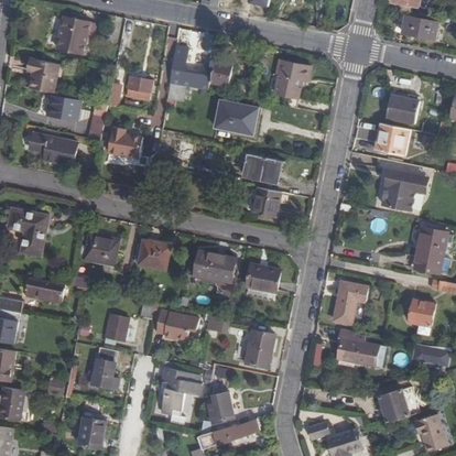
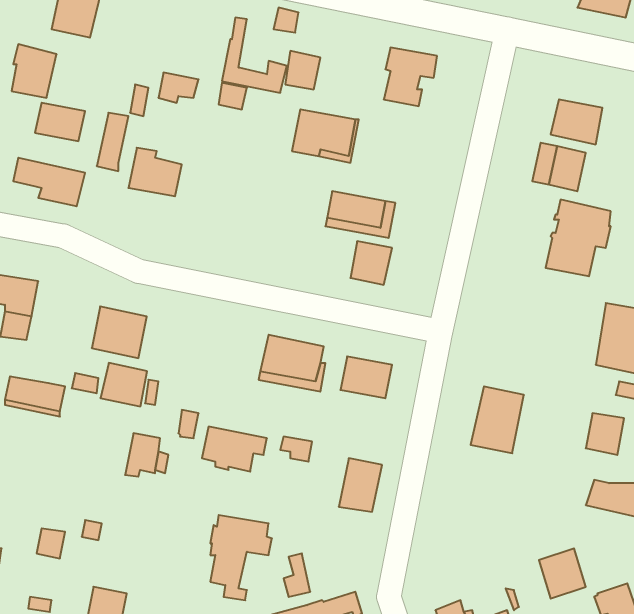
building: [139,239,170,268] -> [100,363,147,406]
building: [337,330,384,369] -> none
building: [91,347,118,389] -> none

